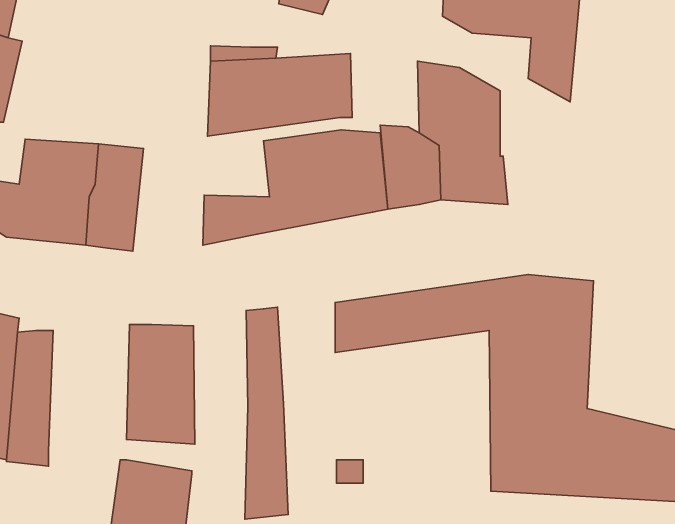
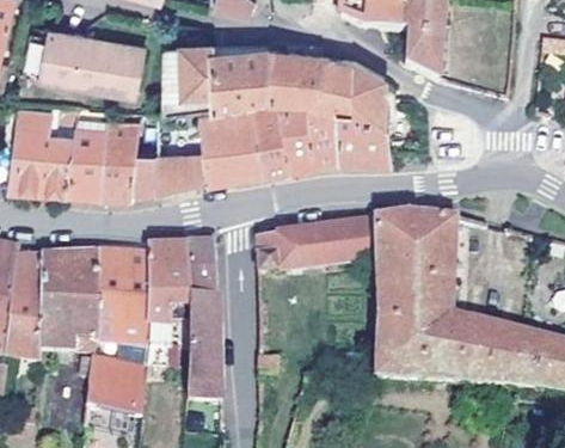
building: none -> [41,26,142,90]
building: none -> [270,43,323,104]
building: none -> [103,116,158,196]
building: none -> [148,240,191,366]
building: none -> [38,251,100,350]

